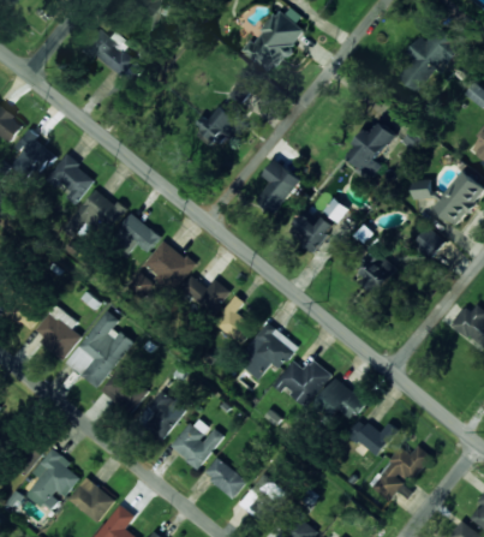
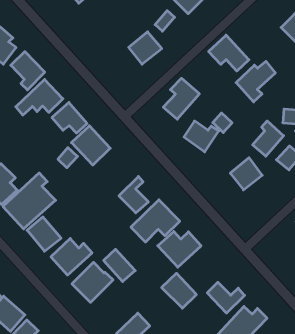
building: none -> [209,35,249,71]
building: none -> [253,121,284,156]
building: [180,276,231,315] -> none
building: [318,378,365,423] -> [162,273,196,308]
building: [203,458,246,499] -> [104,249,135,282]

